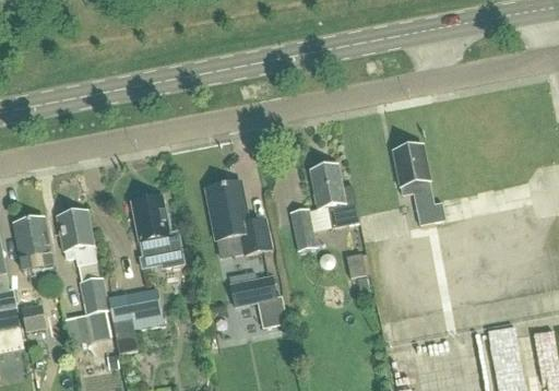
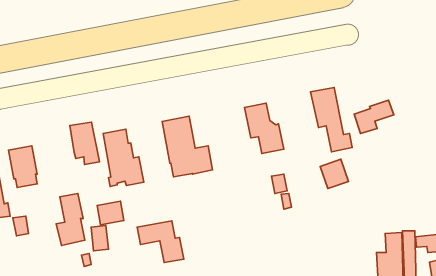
building: none -> [354,100,394,133]
building: [58,212,95,265] -> [70,122,99,165]
building: [288,215,314,250] -> none
building: none -> [320,159,348,188]
building: [228,275,287,328] -> [137,221,184,263]

